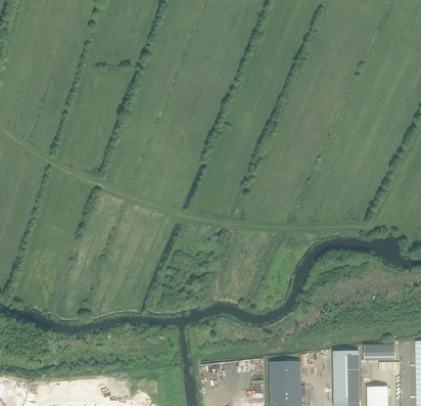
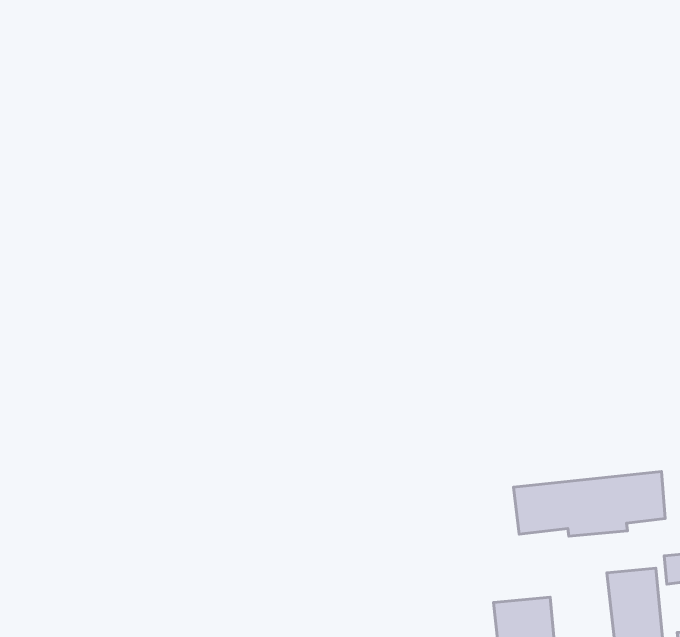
building: none -> [513,471,665,536]

